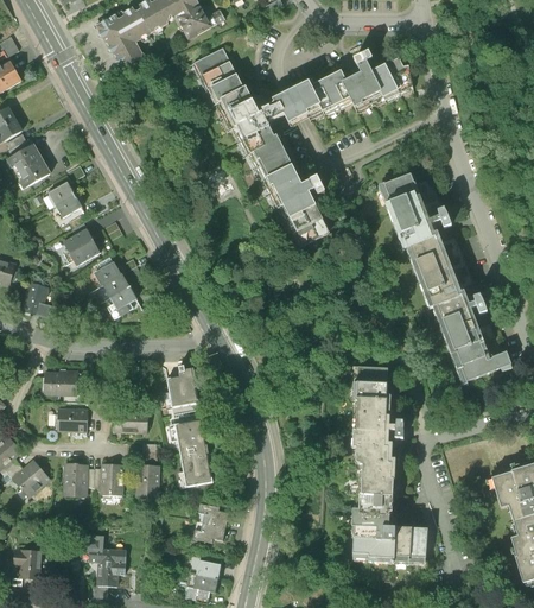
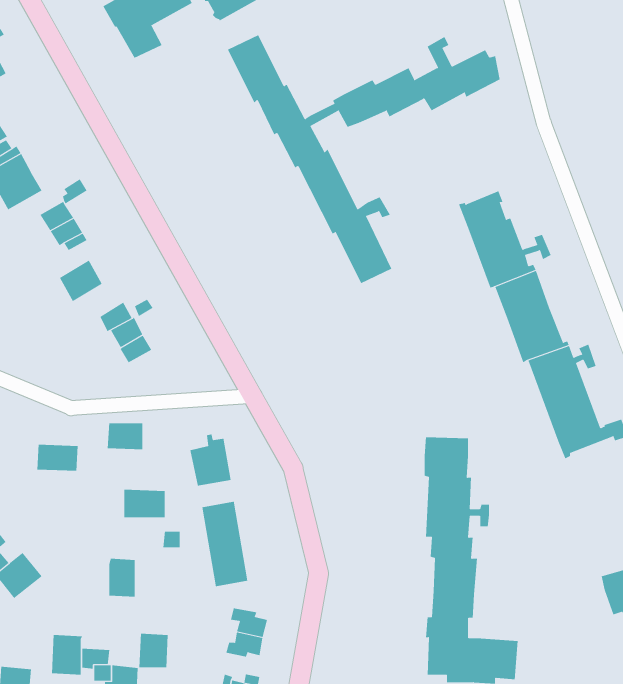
building: [21,281,50,316] -> none
building: [58,410,87,431] -> [107,423,143,450]
building: [63,463,88,495] -> [51,635,83,675]
building: [136,464,160,492] -> [139,633,169,668]

